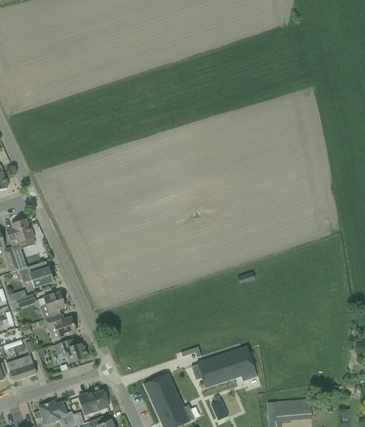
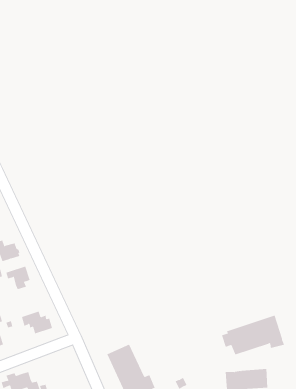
building: [44,313,75,336] -> none
building: [191,345,257,387] -> [221,315,285,355]
building: [78,390,108,414] -> none

